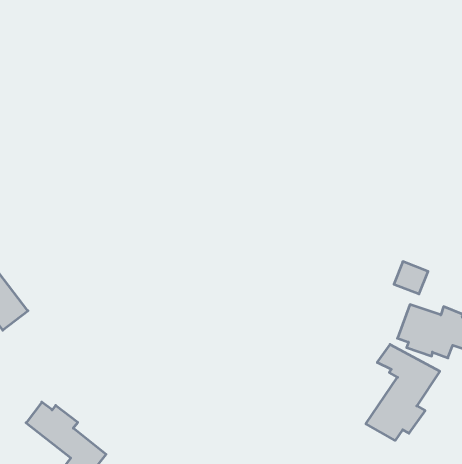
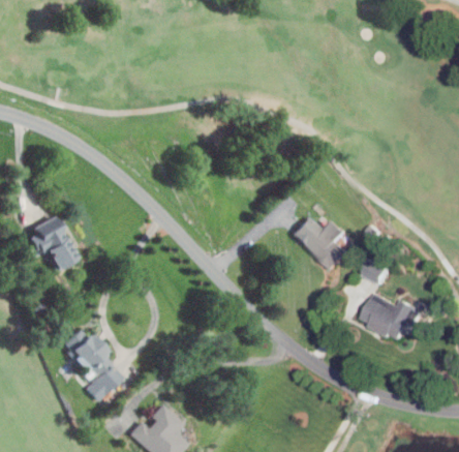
building: none -> [294,218,347,270]
building: [366,344,440,440] -> none

